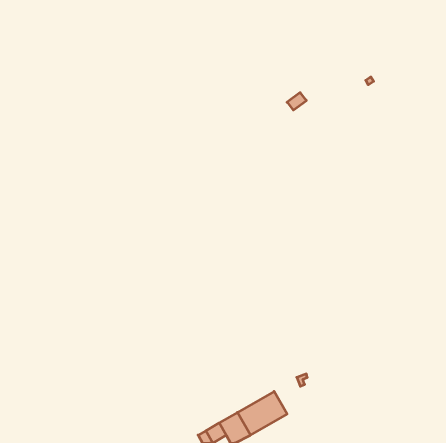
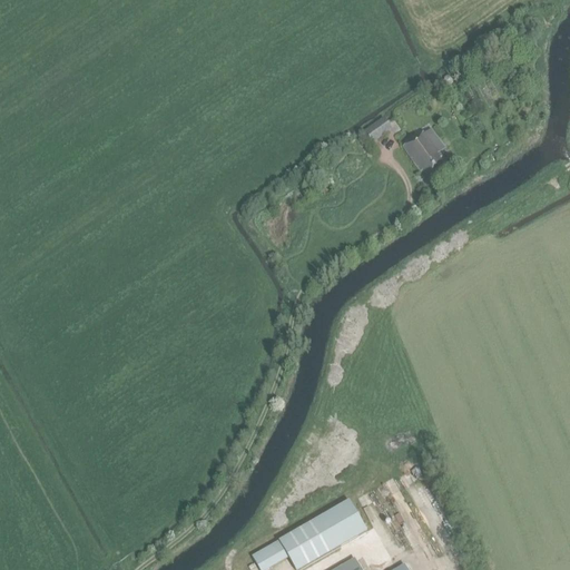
building: none -> [403,129,446,178]

